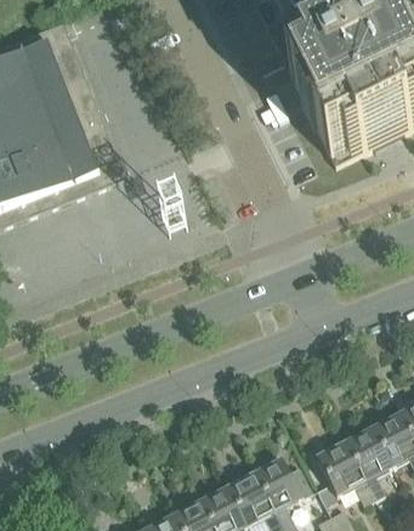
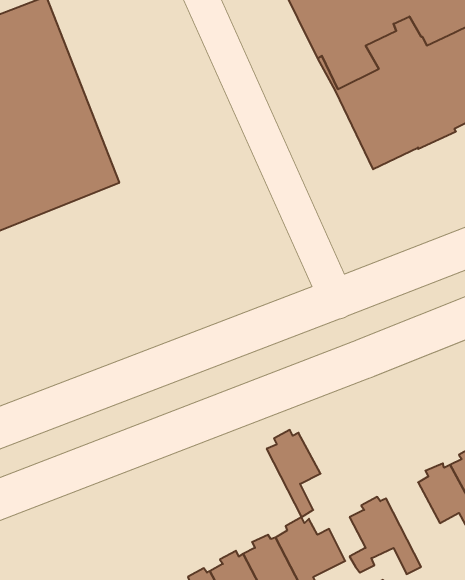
building: [346,427,391,499] -> [267,430,321,517]

